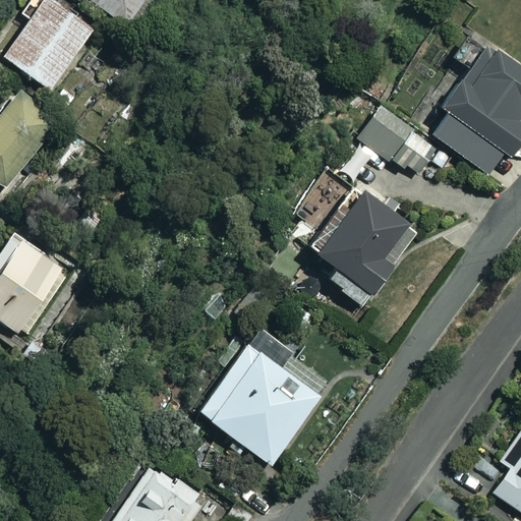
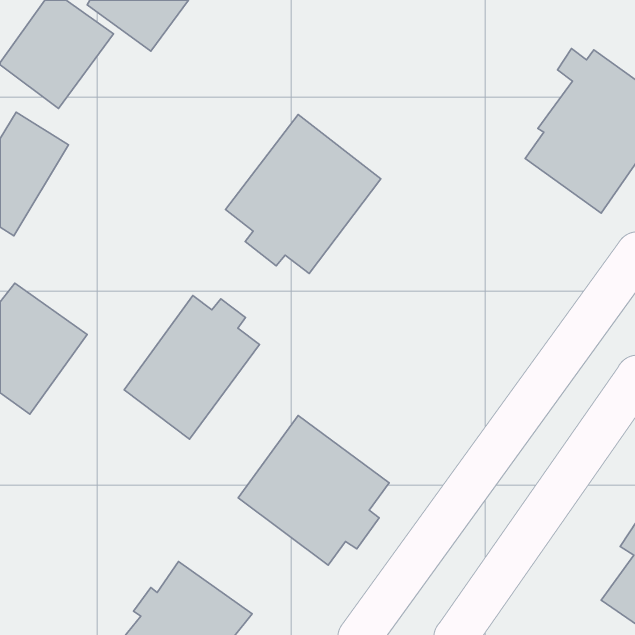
building: none -> [226,115,381,273]
building: [357,105,436,175] -> none
building: [295,172,416,304] -> none
building: none -> [124,296,260,439]

